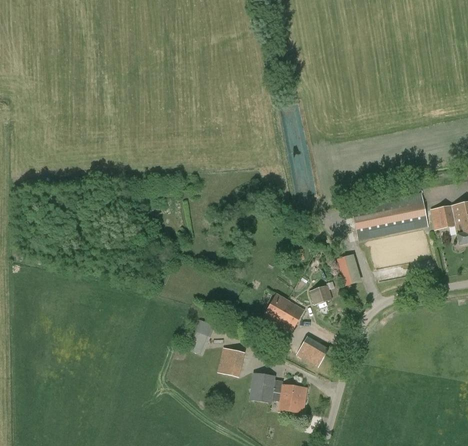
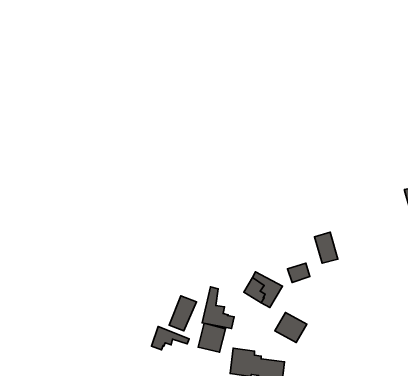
building: [352,192,427,240] -> none
building: none -> [202,287,234,329]
building: none -> [151,326,189,350]

